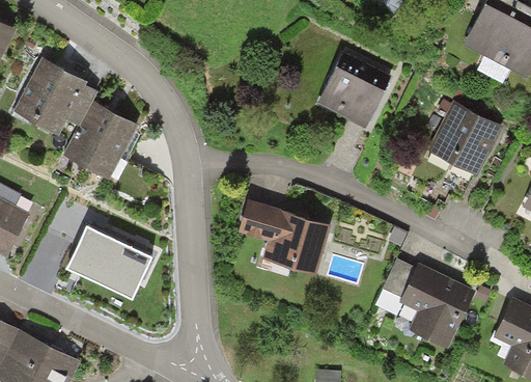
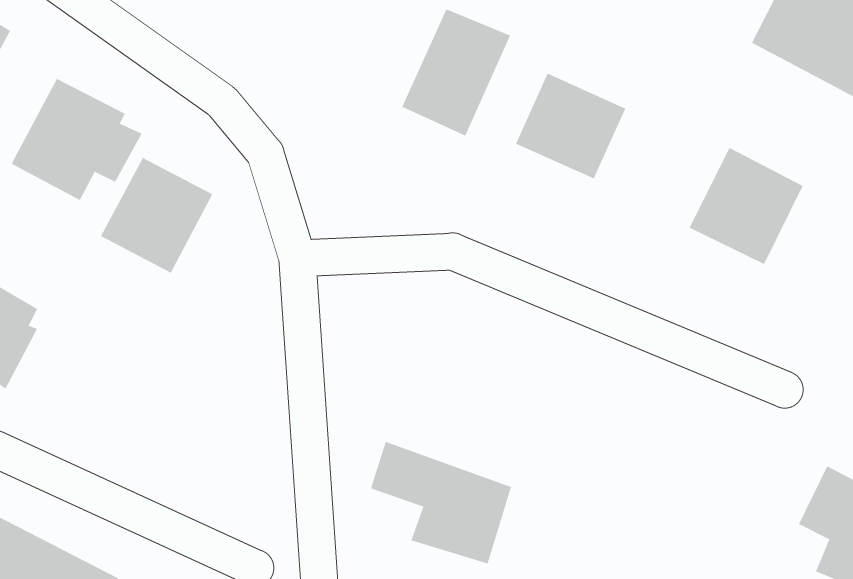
building: none -> [401,8,511,137]
building: [237,196,325,272] -> [370,441,512,564]
building: [71,235,149,301] -> none
building: [381,257,472,344] -> none

